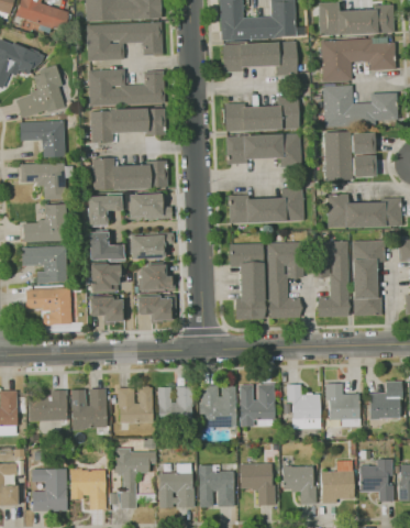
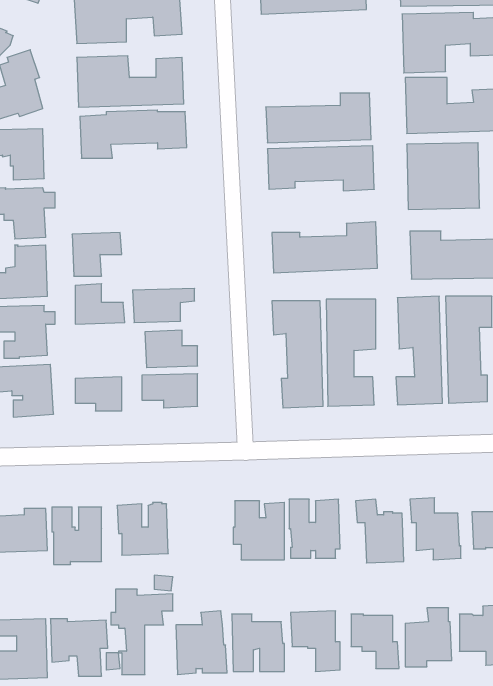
building: [221,42,296,75] -> none
building: [93,157,168,190] -> none
building: [128,194,170,219] -> none
building: [89,264,118,292] -> none
building: [158,386,193,432] -> none

